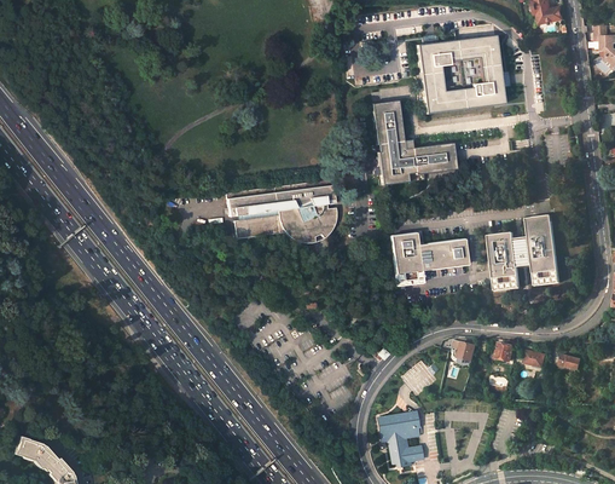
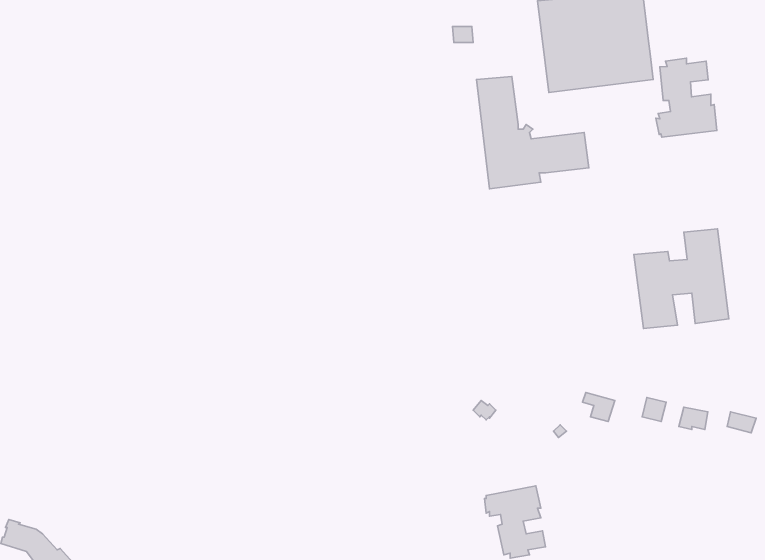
building: none -> [656,58,717,137]
building: [225,179,337,249] -> none
building: [391,231,469,284] -> none

